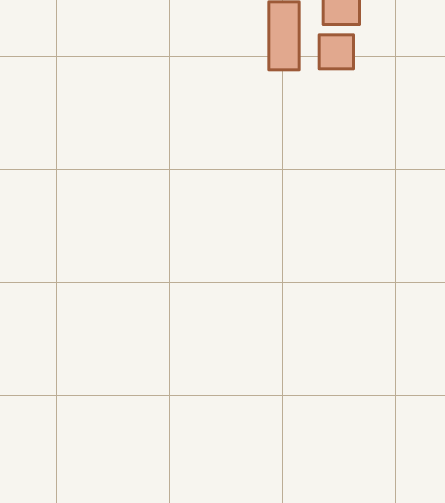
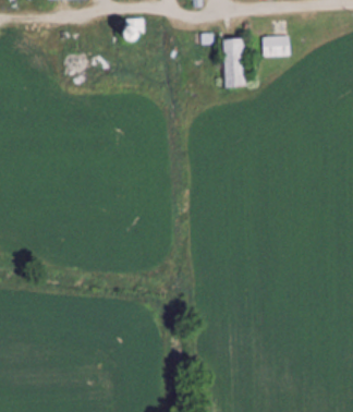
building: [319,35,354,69] -> none

